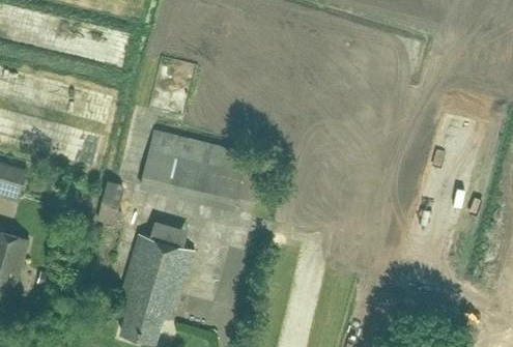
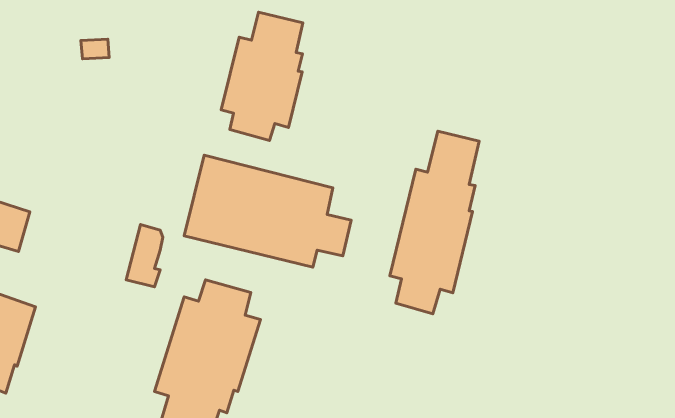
building: none -> [221,12,303,140]
building: none -> [390,131,479,314]

